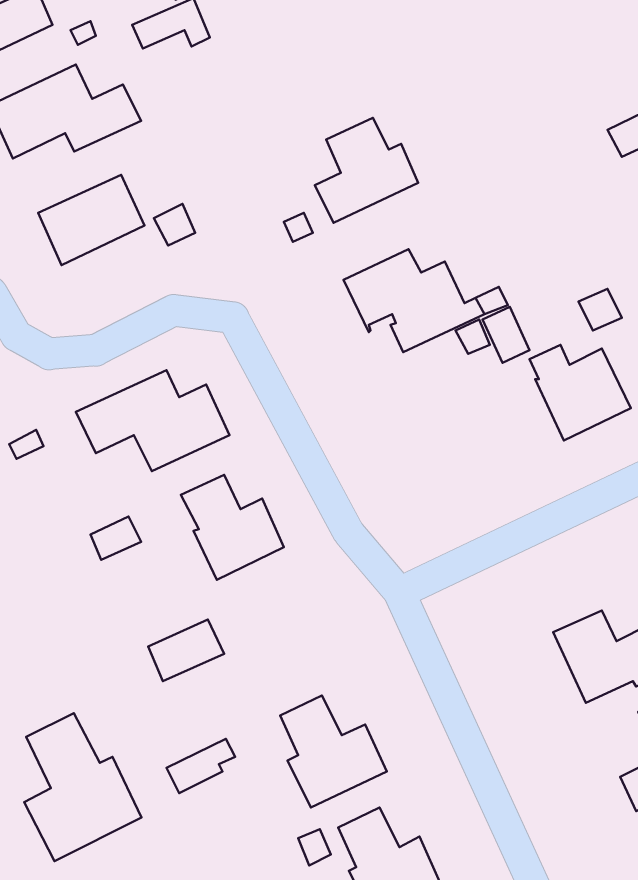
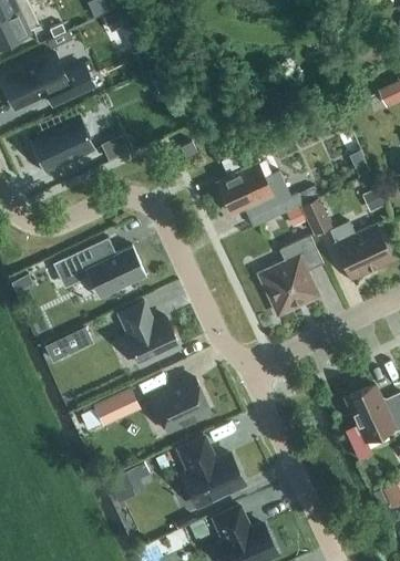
building: [315,118,418,223] -> none
building: none -> [258,236,322,315]
building: none -> [148,375,212,435]
building: [24,713,142,861] -> none

